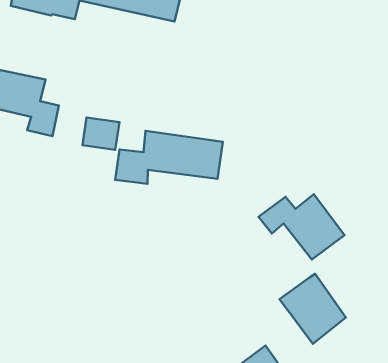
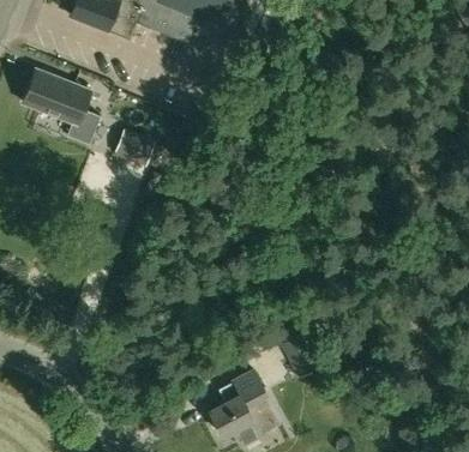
building: [115,131,223,184] -> none
building: [259,194,344,260] -> none

